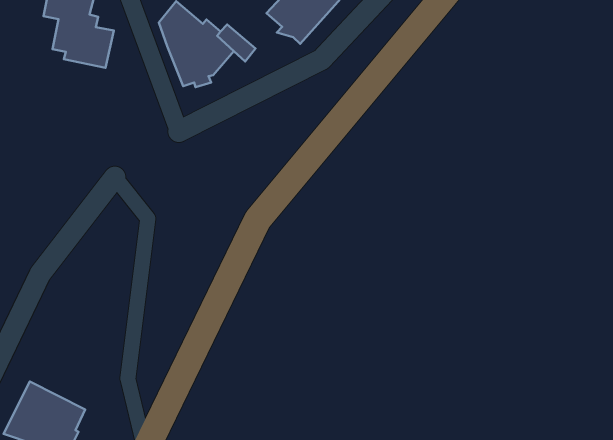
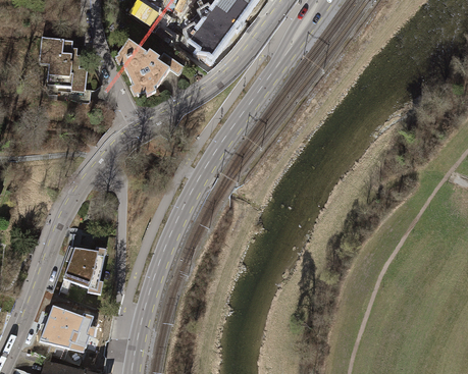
building: none -> [61,246,104,292]

